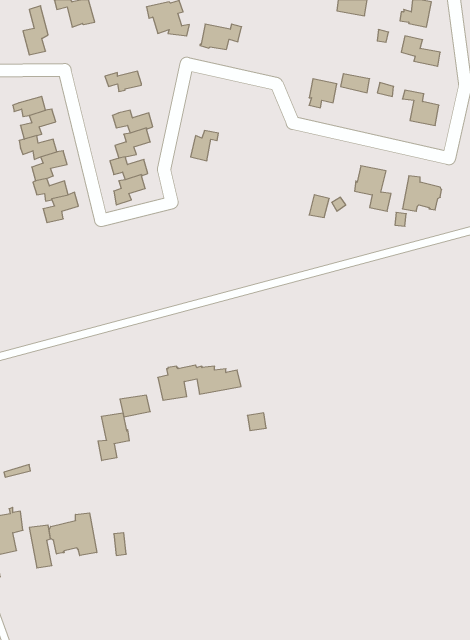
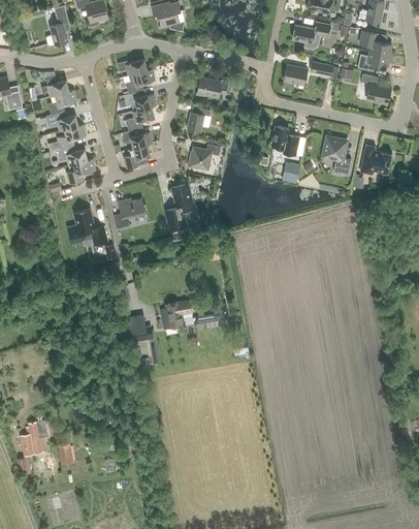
building: [200,24,242,49] -> [196,76,230,97]
building: none -> [292,22,330,49]
building: none -> [357,51,389,70]
building: none -> [125,68,155,93]
building: none -> [270,126,299,155]
building: none -> [188,144,220,169]
building: none -> [164,183,194,229]
building: none -> [111,198,146,230]
building: none -> [67,209,107,245]
building: [98,413,129,461] -> none
building: [49,513,97,556] -> none

